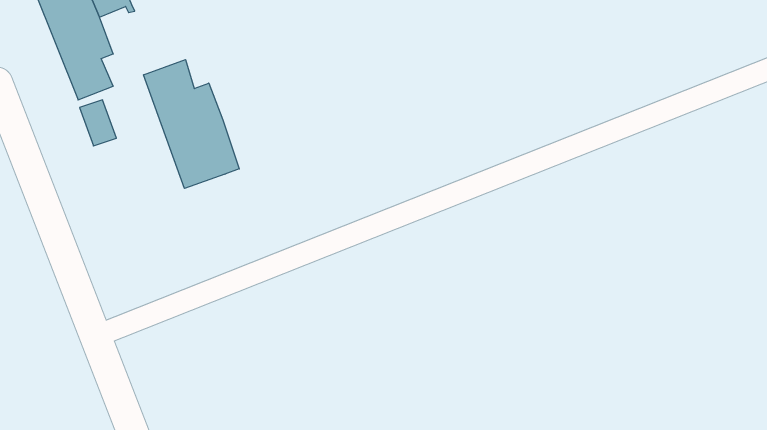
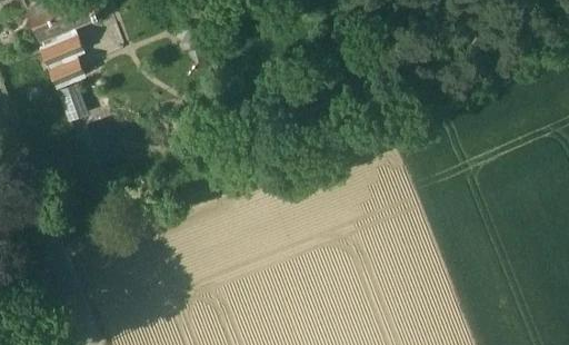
building: [144,60,239,188] -> none

